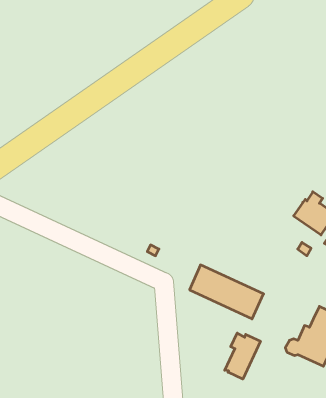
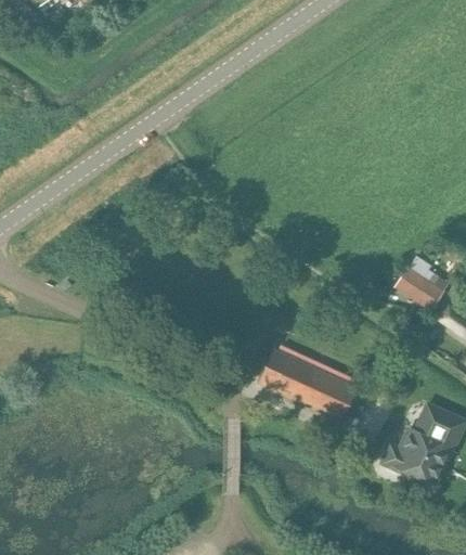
building: [225,333,260,379] -> none

